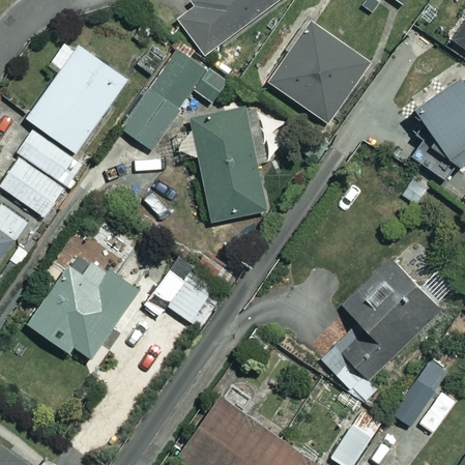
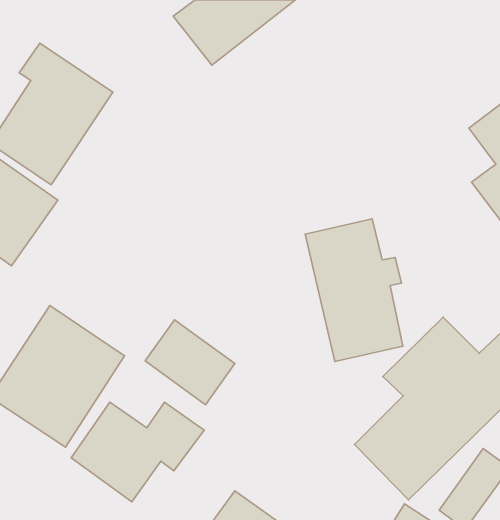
building: [270,24,367,121] -> none
building: [117,42,232,152] -> none
building: [188,108,267,223] -> [305,219,403,362]
building: none -> [71,402,204,502]

